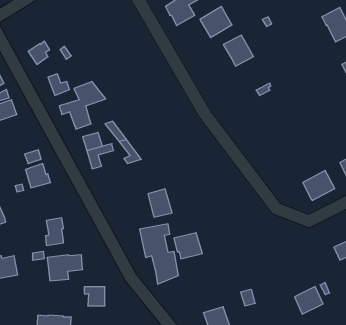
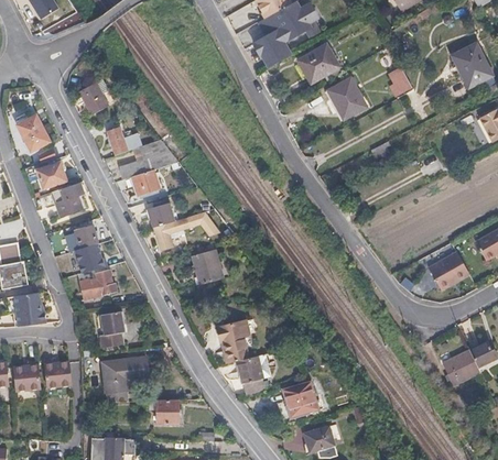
building: none -> [387,67,412,98]
building: none -> [51,182,83,217]
building: none -> [79,271,117,302]
building: [148,189,172,217] -> [191,249,221,285]
building: [174,233,202,259] -> [282,384,318,417]
building: [295,287,323,314] -> [443,350,479,385]

